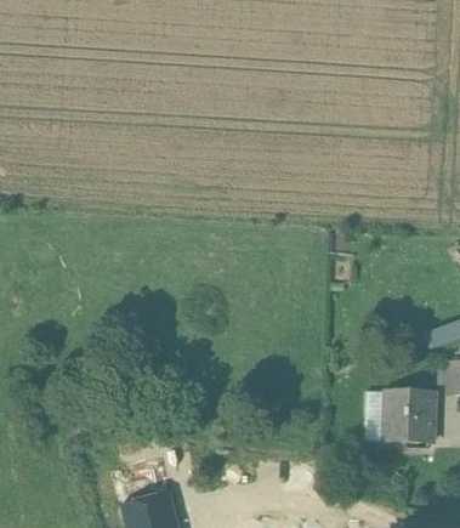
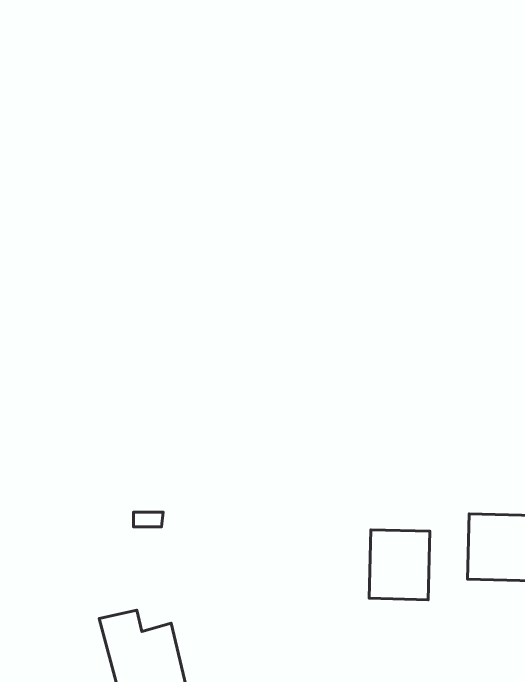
building: none -> [369,530,430,600]

